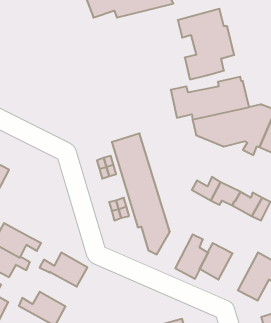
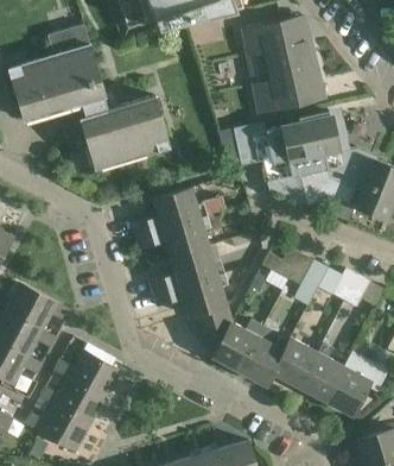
building: none -> [8,25,171,169]
building: none -> [6,283,71,329]
building: none -> [212,317,263,371]
building: none -> [299,341,344,401]
building: none -> [40,376,106,423]

